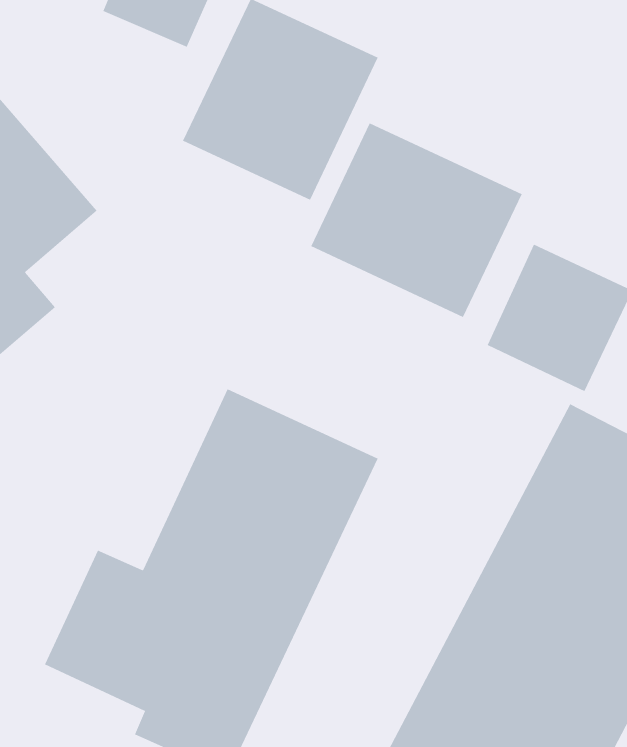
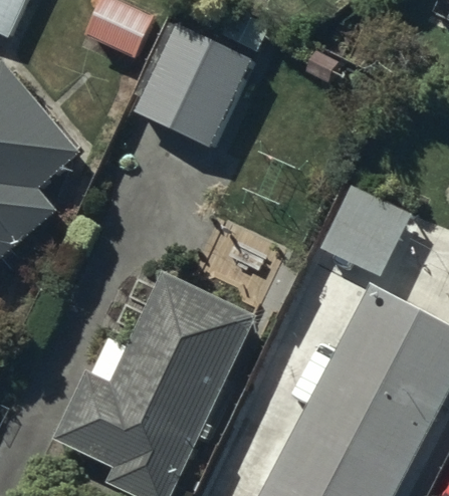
building: [310,123,522,318] -> none

